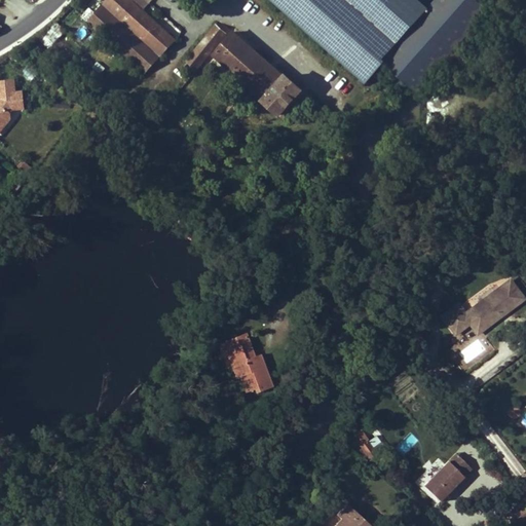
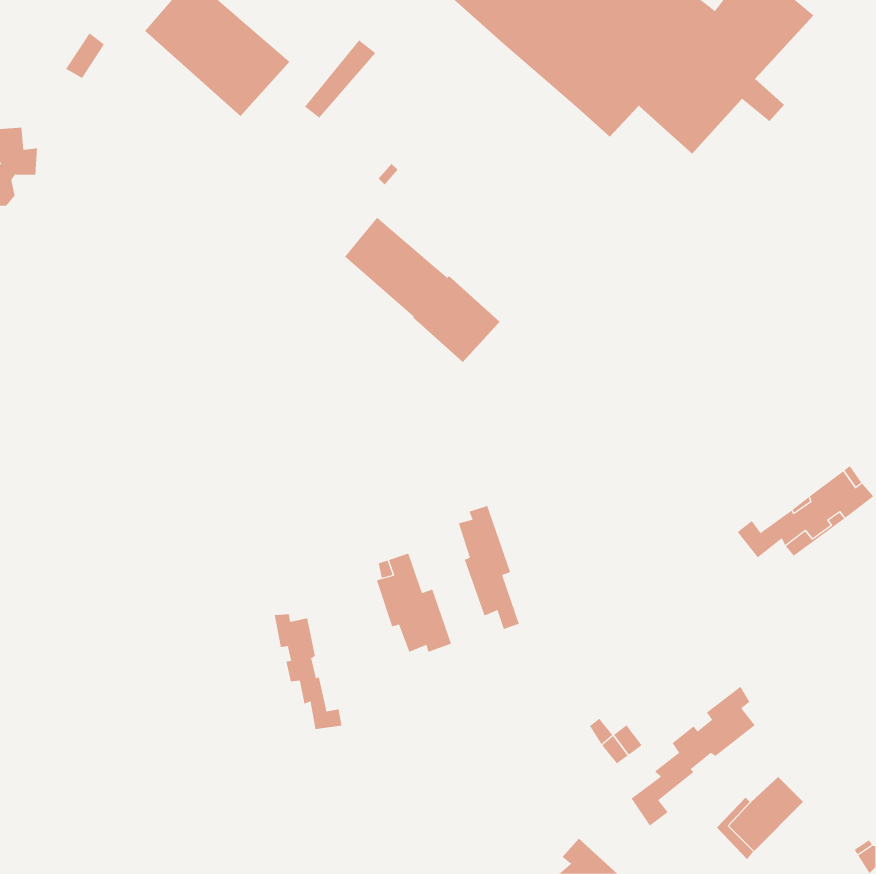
building: [213,30,306,117] -> [344,217,501,363]
building: none -> [458,505,519,630]
building: none -> [274,613,342,730]
building: none -> [631,686,756,827]

